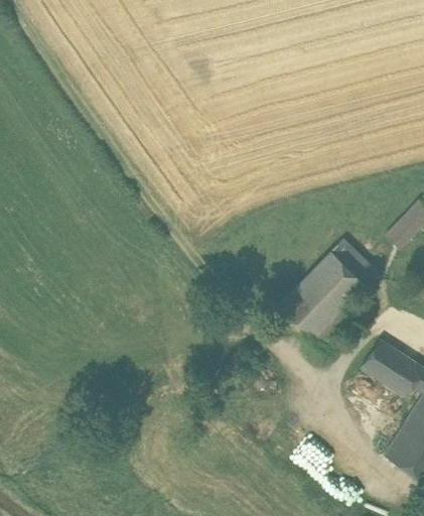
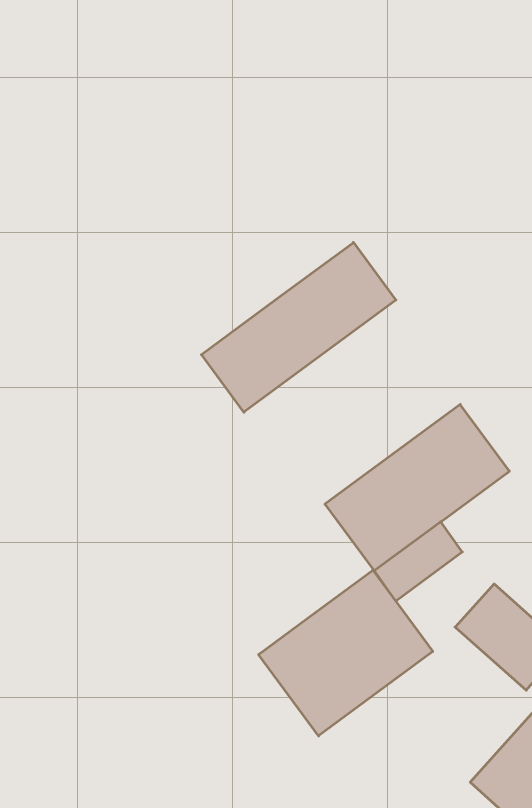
building: none -> [201,242,396,412]
building: none -> [259,570,433,736]

